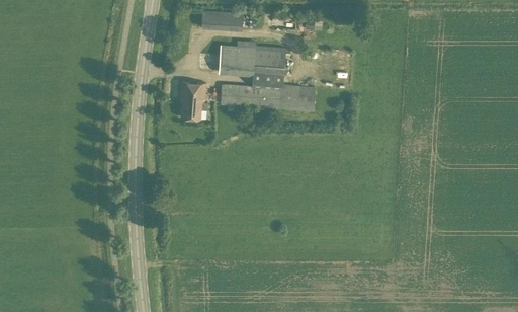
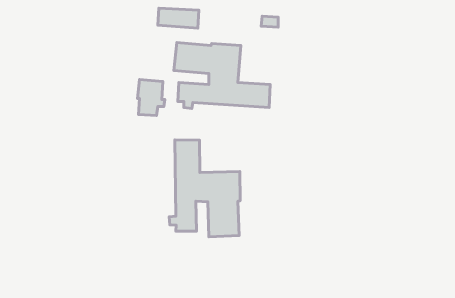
building: none -> [169,140,240,237]

